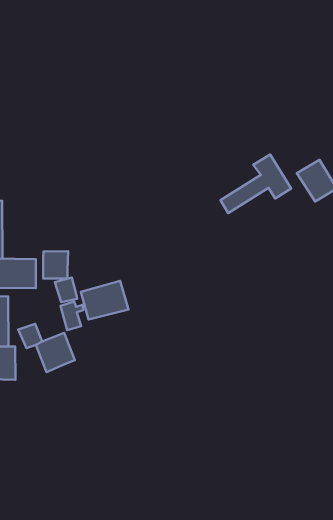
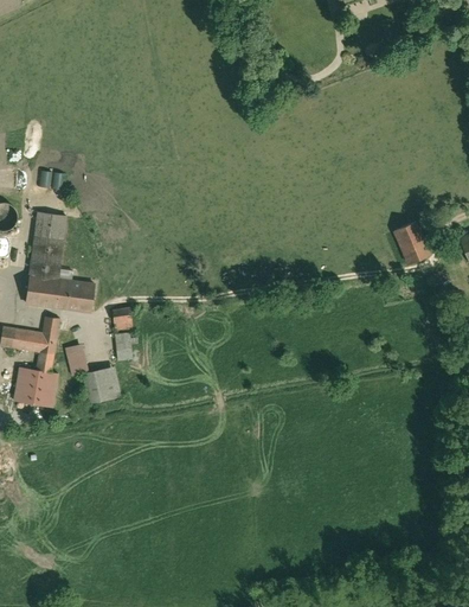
building: [221,154,291,213] -> none
building: [43,251,68,279] -> none
building: [81,281,129,319] -> none

